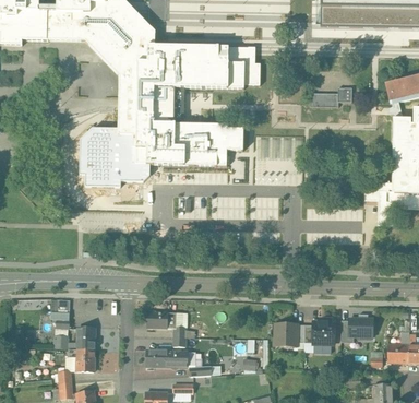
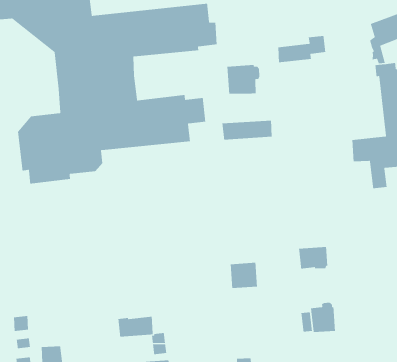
building: none -> [226,64,260,94]
building: [348,317,373,337] -> [298,246,328,269]
building: [274,322,298,345] -> [230,262,258,289]

